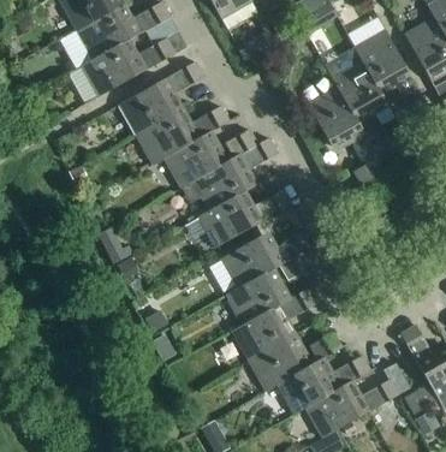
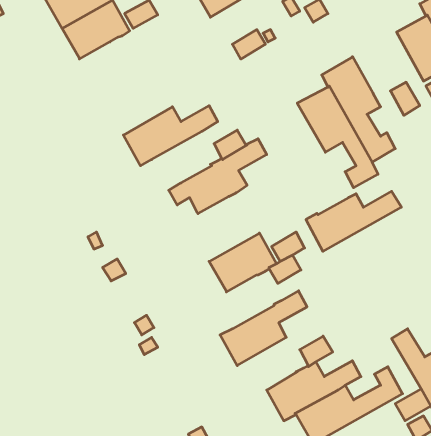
building: [353,30,411,94] -> none
building: [66,31,186,105] -> none
building: [118,61,203,135] -> none
building: [163,131,228,189] -> none
building: [197,189,291,248] -> [306,191,401,251]
building: [226,268,291,325] -> none
building: [248,333,313,392] -> none

